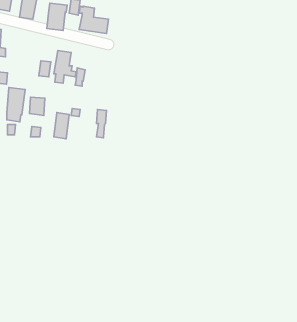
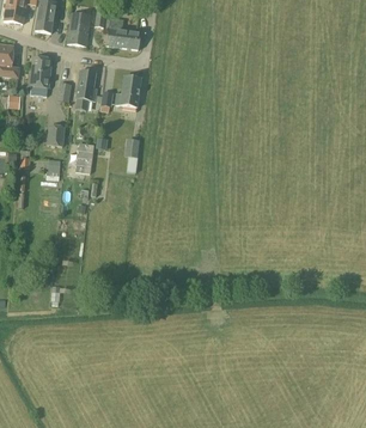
building: none -> [115,75,141,106]
building: [7,87,25,122] -> [30,55,51,96]

